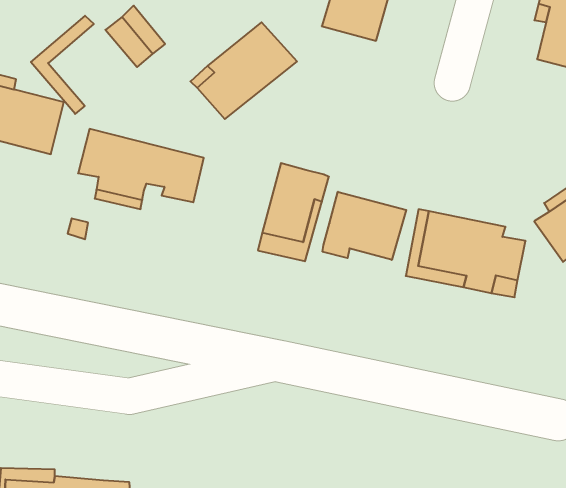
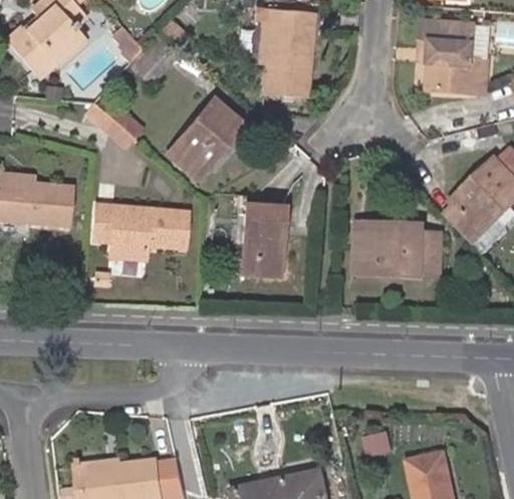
building: [31,16,94,114] -> none
building: [323,192,406,260] -> none

